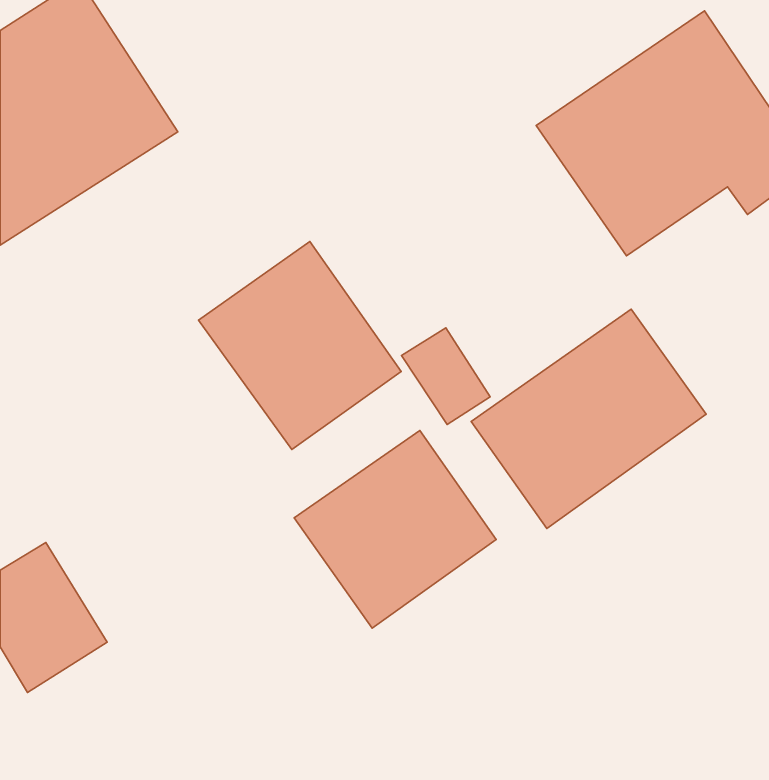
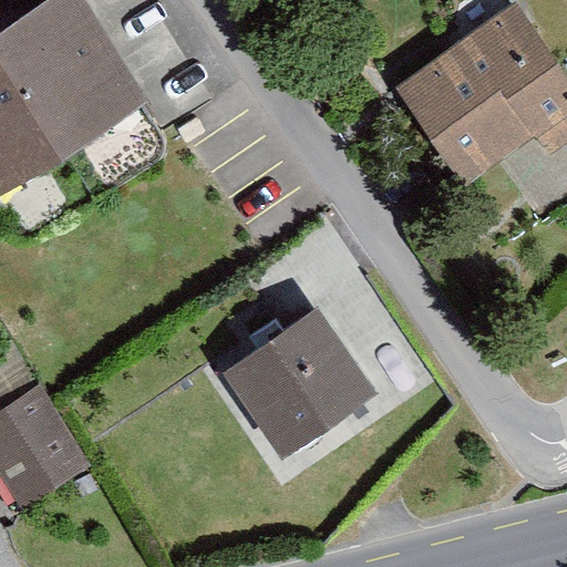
building: [198,241,401,450] -> none
building: [471,309,706,529] -> none

